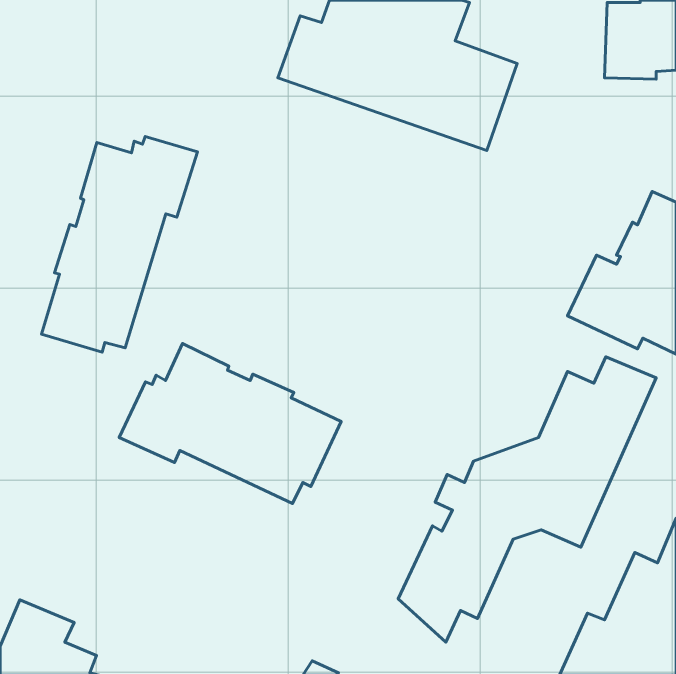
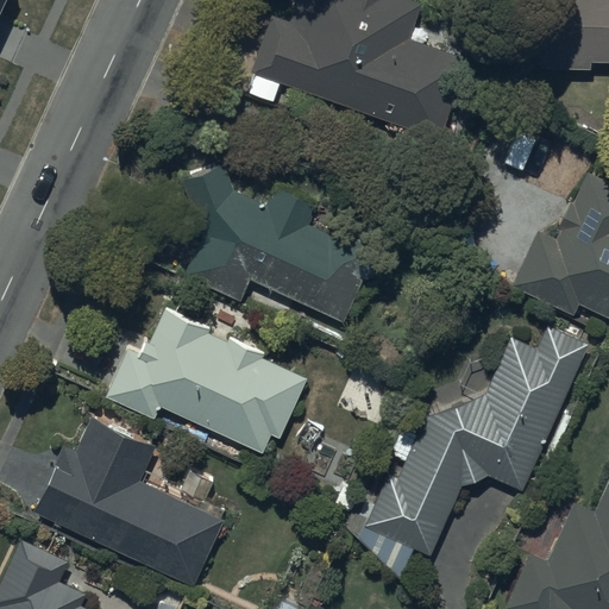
building: [41,137,197,352] -> none
building: none -> [182,165,388,324]
building: none -> [31,417,225,586]

